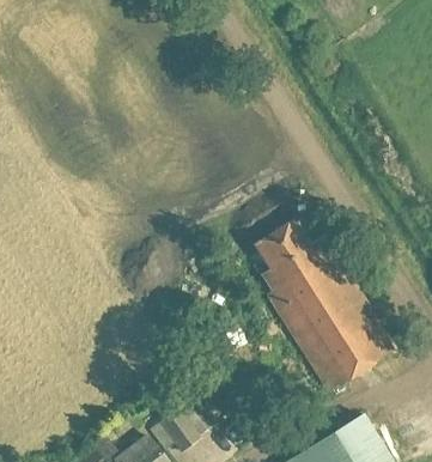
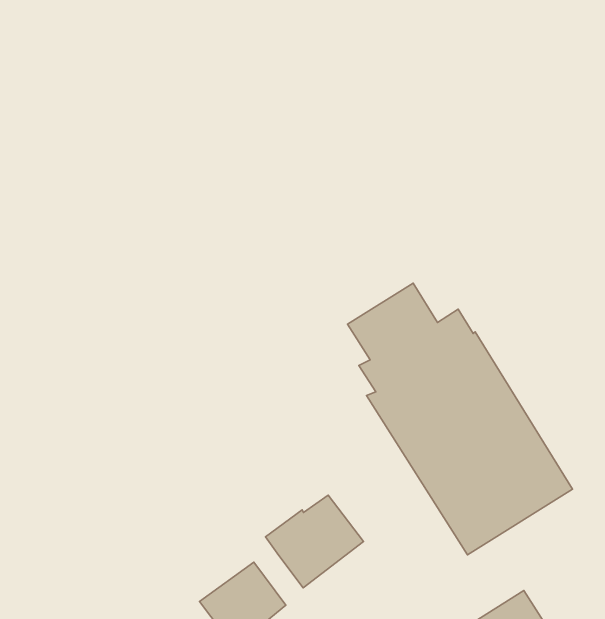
building: none -> [265,495,363,588]

